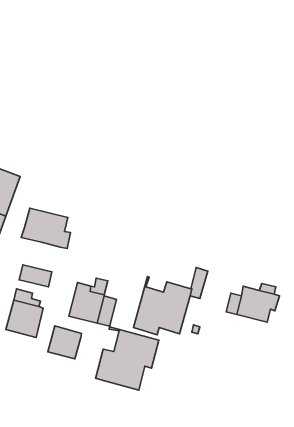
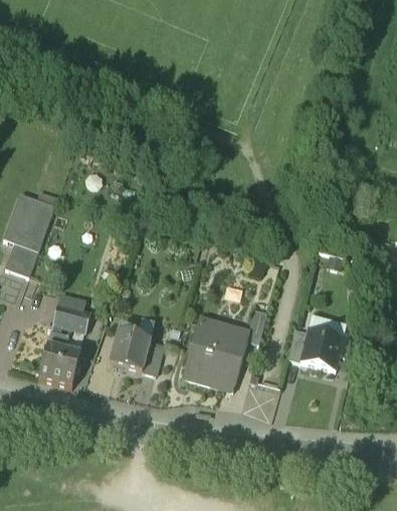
building: [21,208,71,249] -> none
building: [48,326,81,359] -> none
building: [95,327,159,390] -> none

